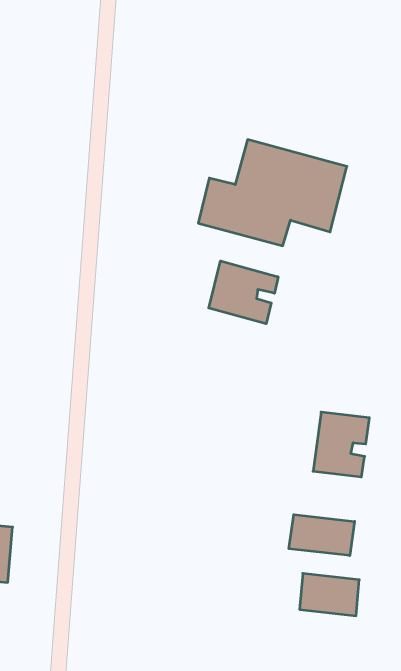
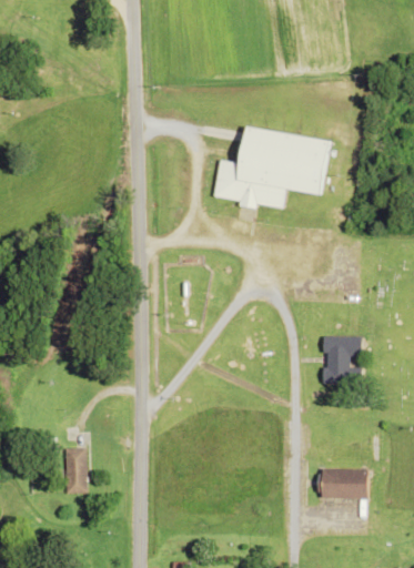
building: [209,261,278,324] -> none
building: [289,515,355,556] -> none

